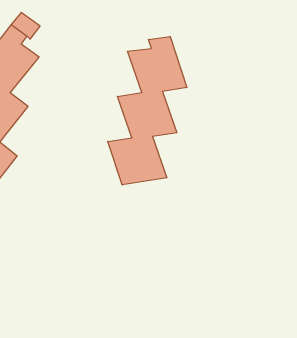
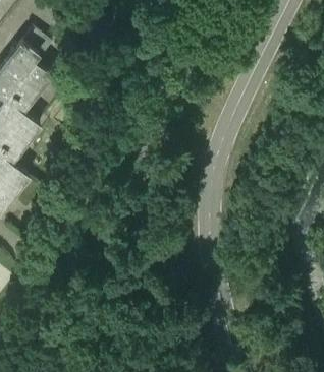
building: [108,36,187,185] -> none

